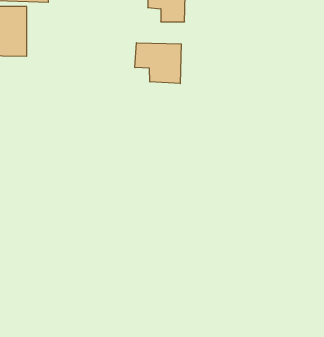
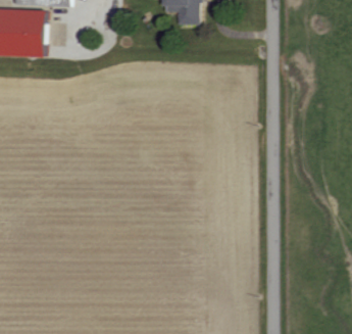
building: [135,43,181,84] -> none

